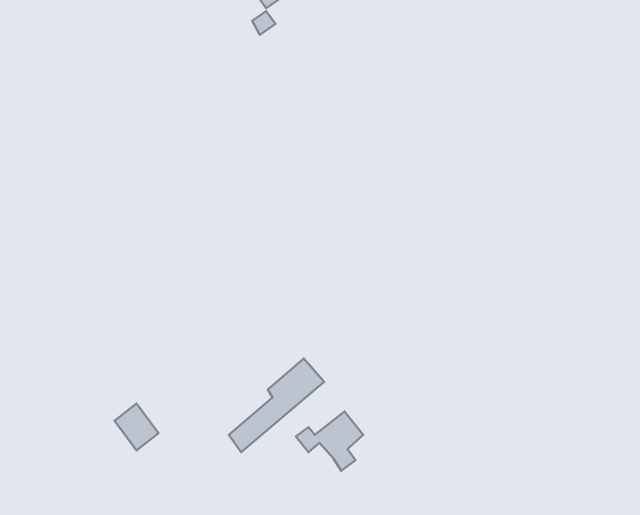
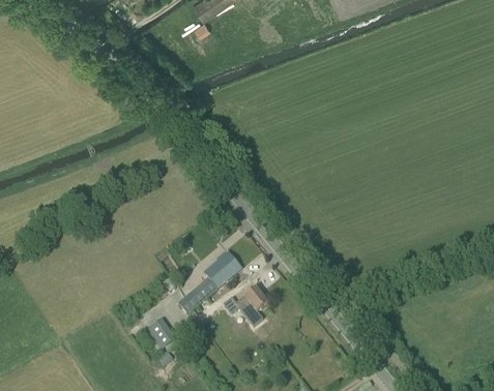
building: [115,404,158,450] -> [146,320,175,351]

